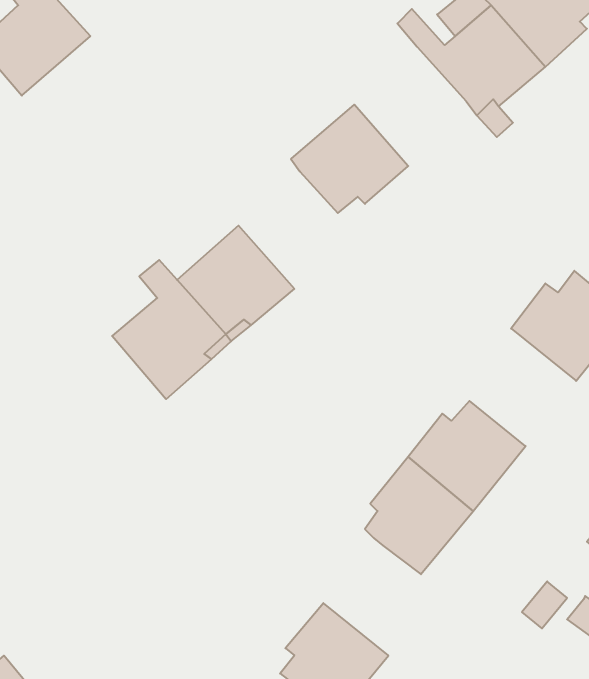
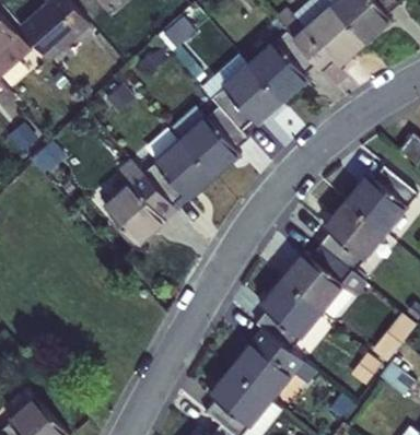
building: none -> [249,31,317,103]
building: none -> [179,106,246,177]
building: none -> [319,201,384,272]
building: none -> [231,328,316,399]

